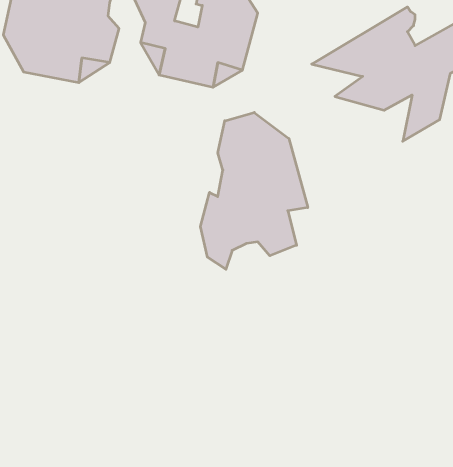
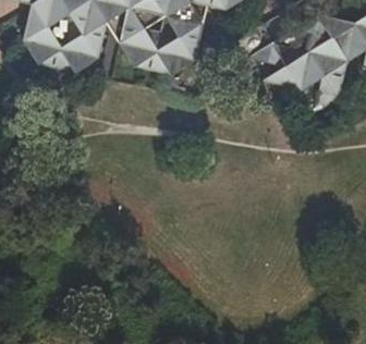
building: [200,112,308,269] -> none

